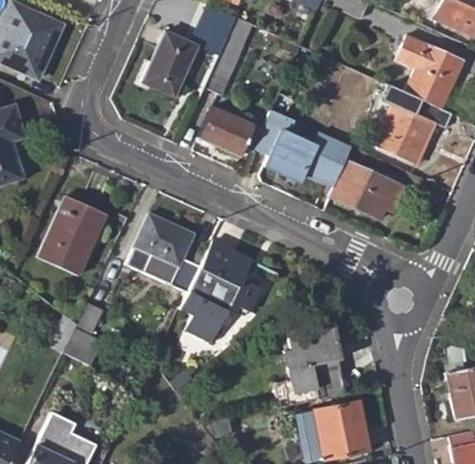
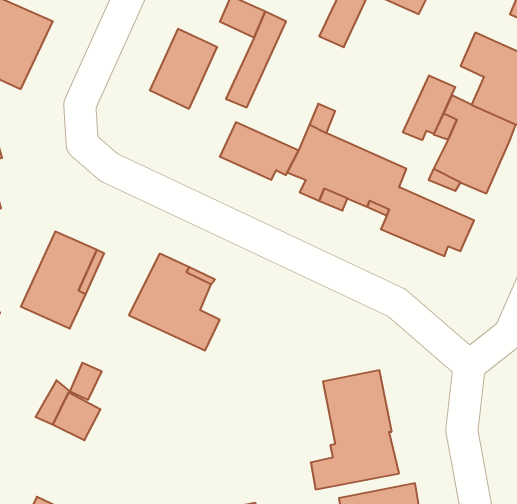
building: none -> [403,75,455,140]
building: [180,242,262,342] -> none

